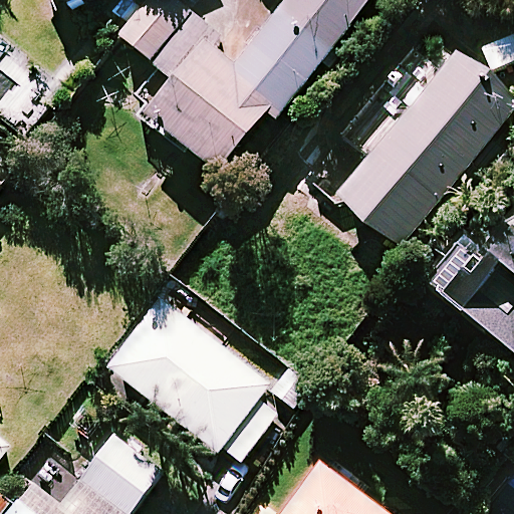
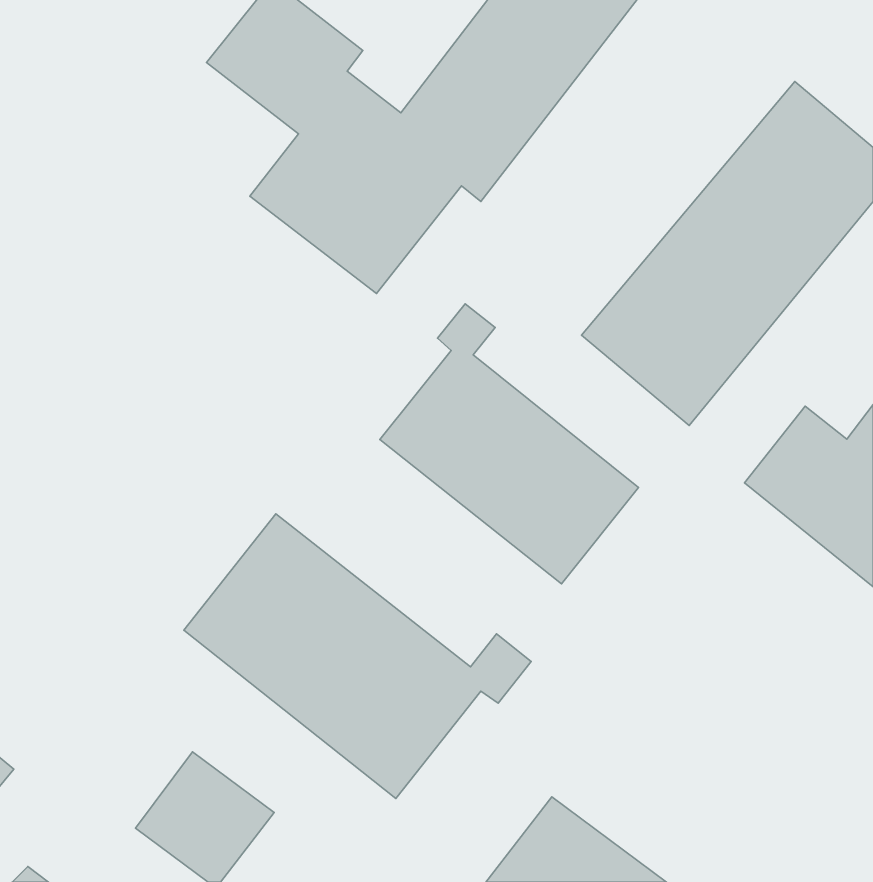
building: none -> [380,304,638,584]

